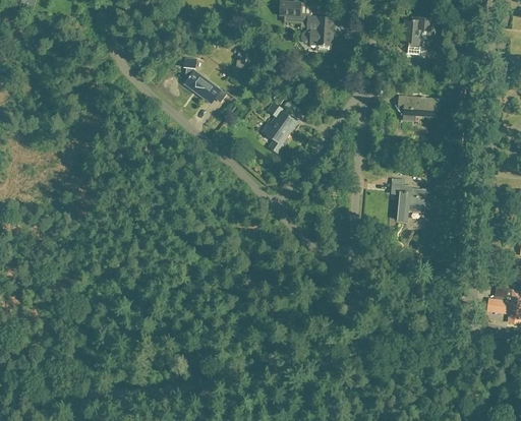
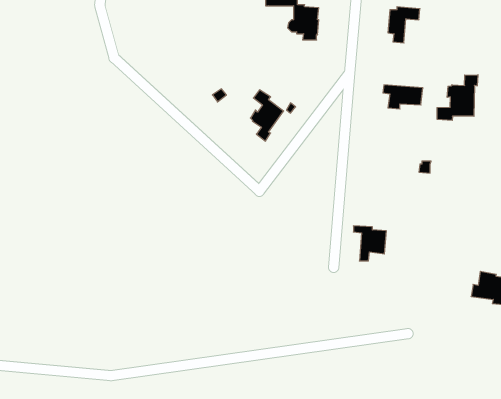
building: [183,56,220,103] -> none
building: none -> [437,75,478,120]
building: [391,184,424,220] -> [353,226,386,261]

